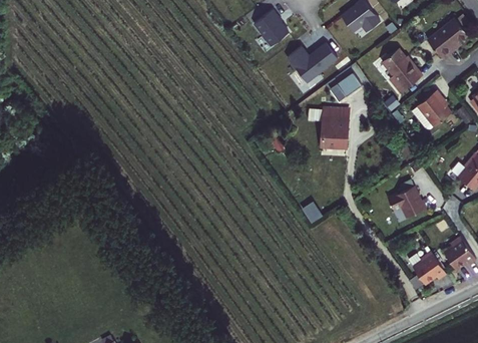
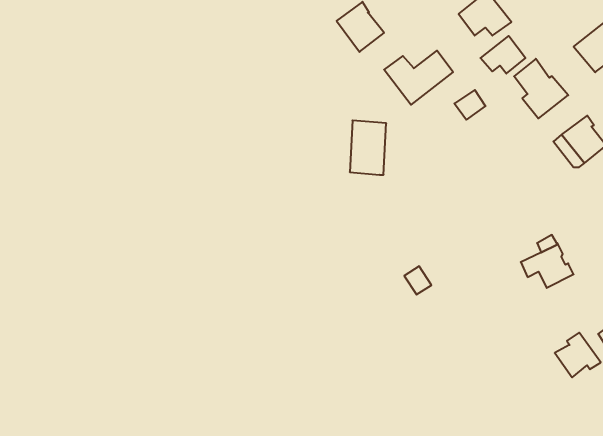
building: none -> [480,36,525,74]
building: [320,108,347,148] -> [350,120,386,175]

